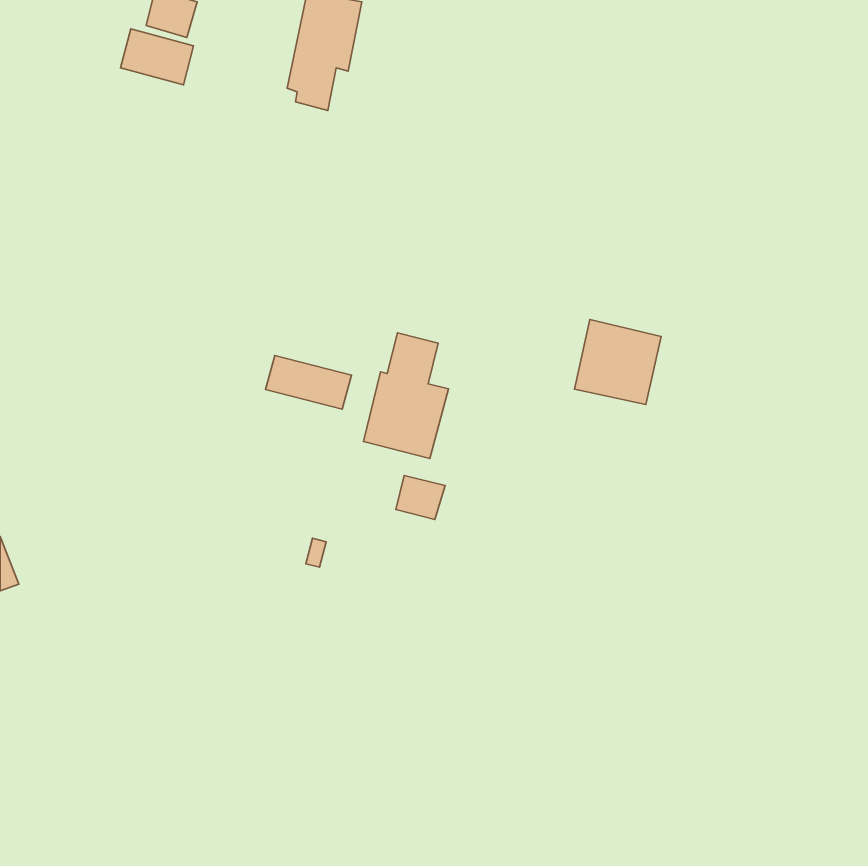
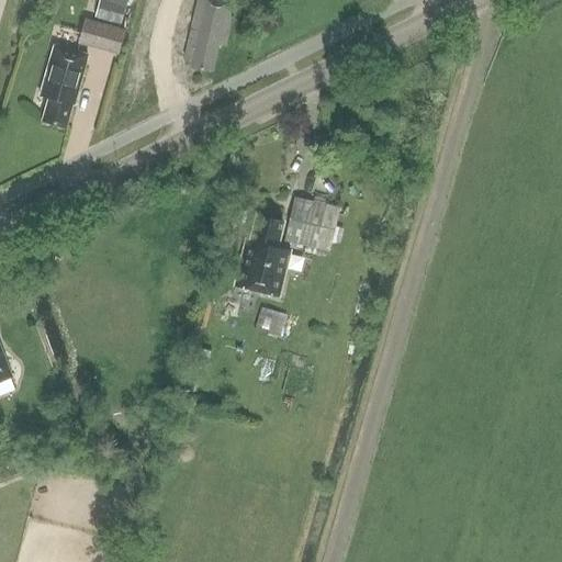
building: none -> [40,45,88,127]
building: [574,320,661,405] -> [283,196,339,251]
building: [266,355,351,409] -> none

